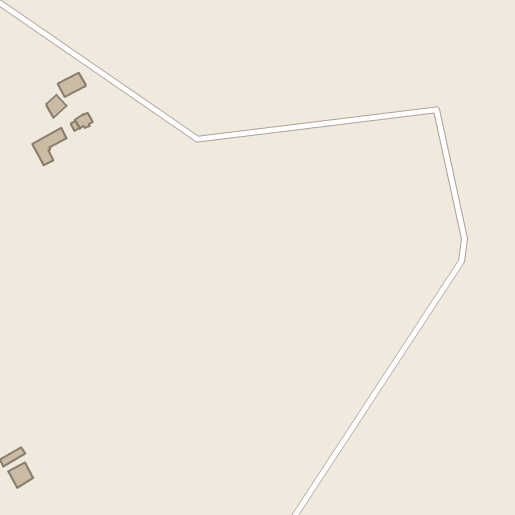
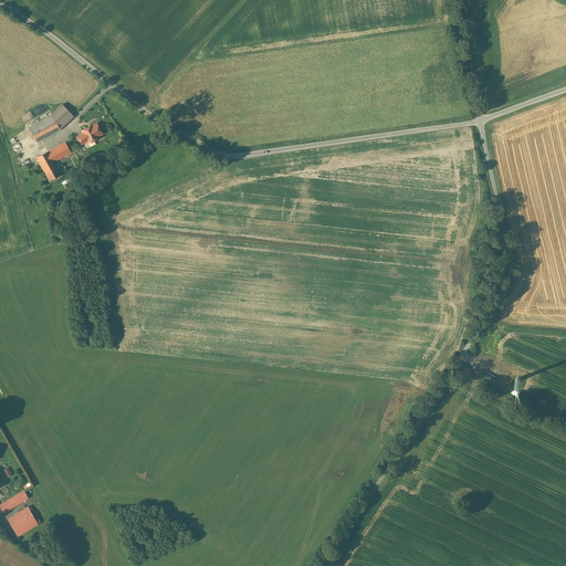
building: [58,73,86,97] -> [28,116,59,143]

